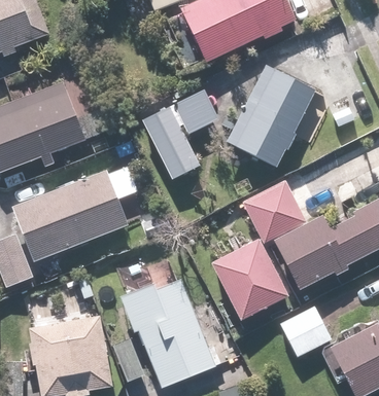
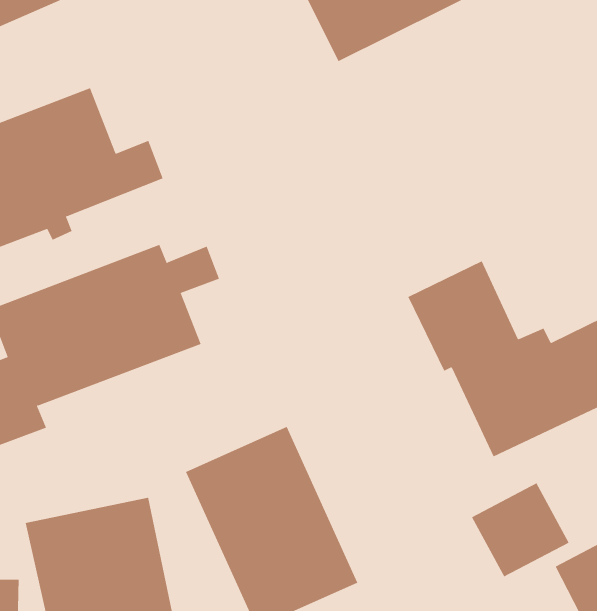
building: [225,67,315,171] -> none
building: [141,88,218,179] -> none
building: [211,240,288,319] -> none

